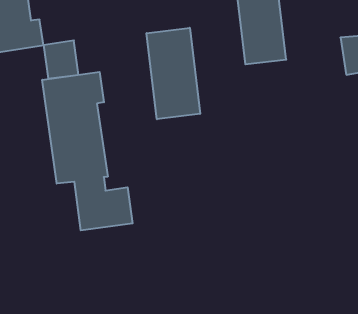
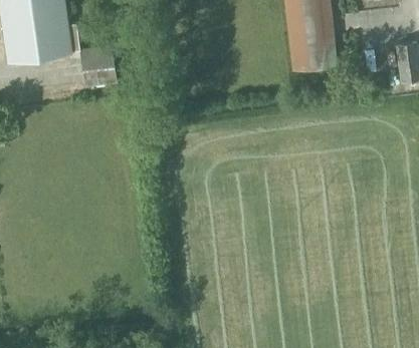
building: [147,28,200,119] -> none
building: [42,72,133,230] -> none

